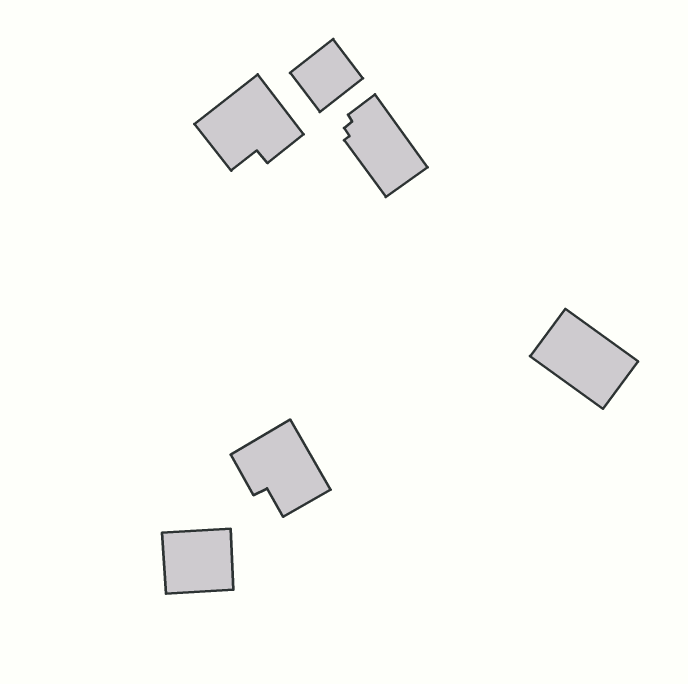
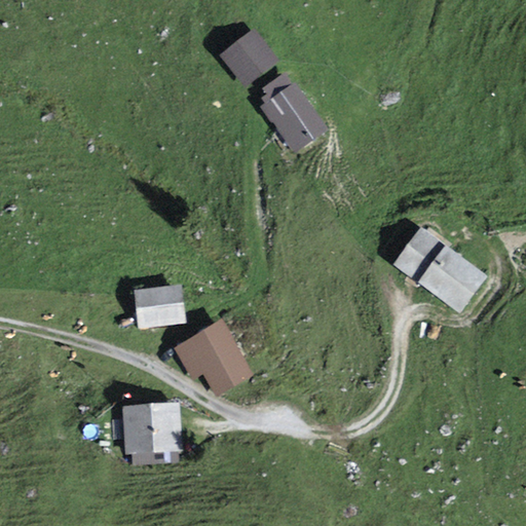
building: [194,74,304,171] -> none
building: none -> [135,285,186,328]

